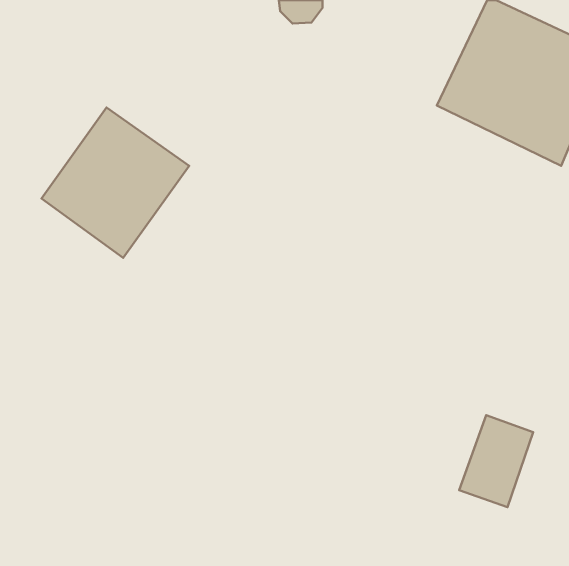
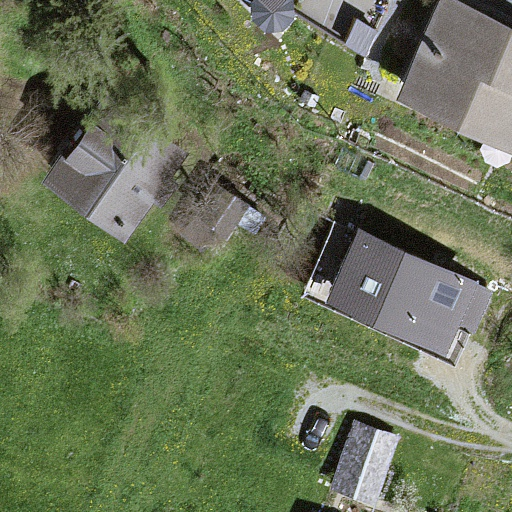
building: none -> [336,233,490,338]
building: [459,415,533,507] -> [335,423,401,505]

